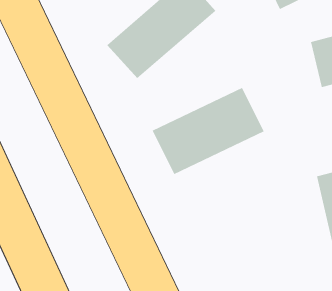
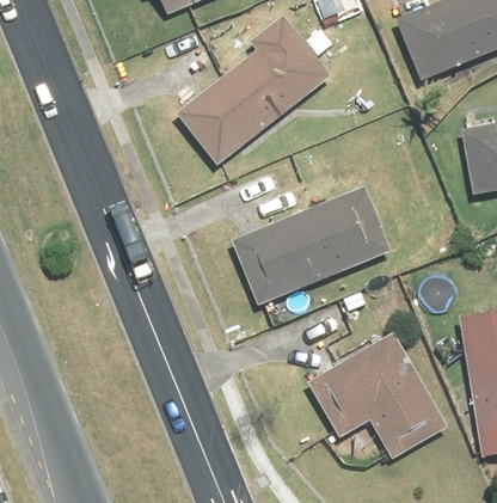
building: none -> [303,331,448,460]

